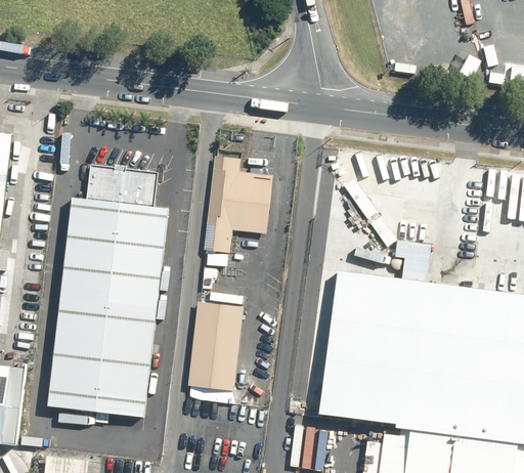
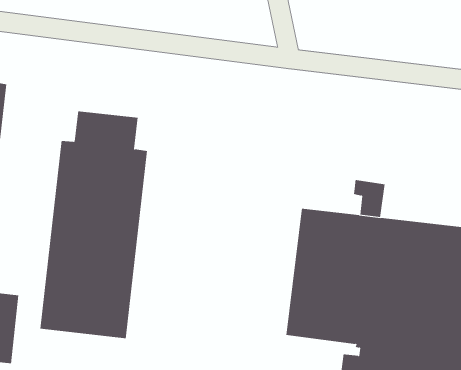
building: [204,157,273,253] -> none
building: [188,303,244,391] -> none

